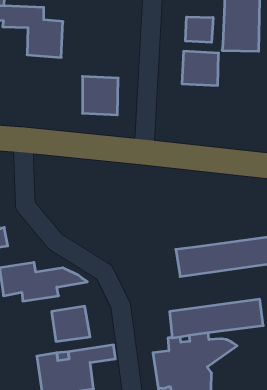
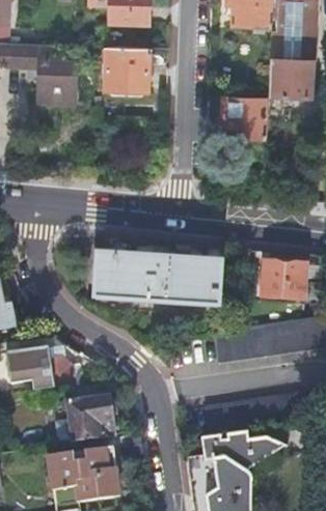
building: [186,17,213,42] -> none
building: [82,76,118,115] -> [105,47,147,92]
building: none -> [97,240,222,305]
building: none -> [259,262,302,301]

